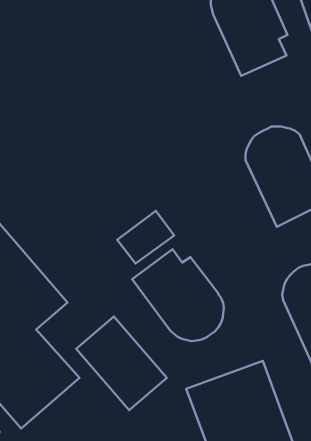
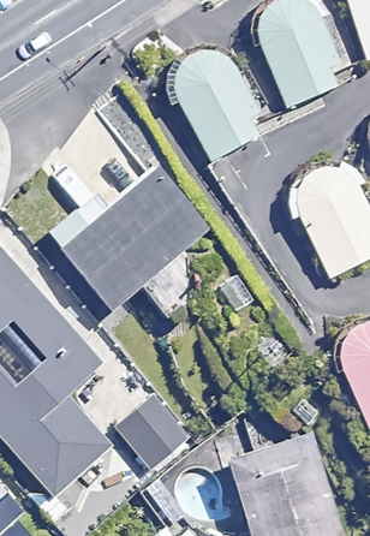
building: none -> [172,50,259,162]
building: none -> [48,162,207,315]
building: [132,249,224,341] -> none

